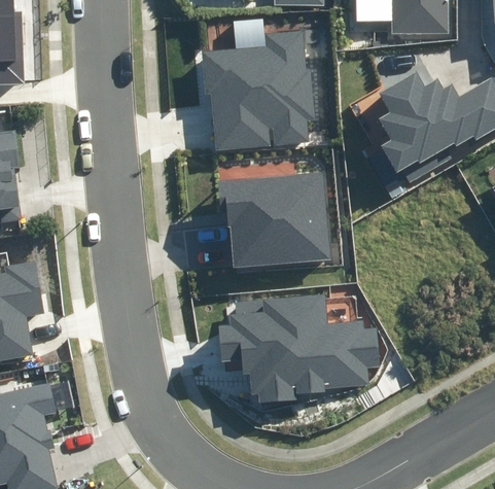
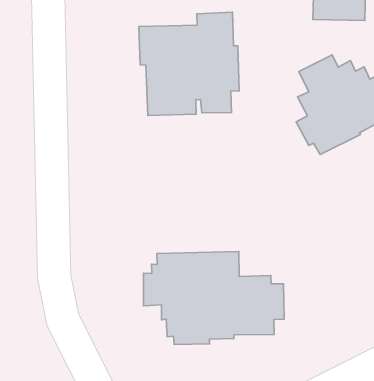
building: [216,172,330,267] -> none

